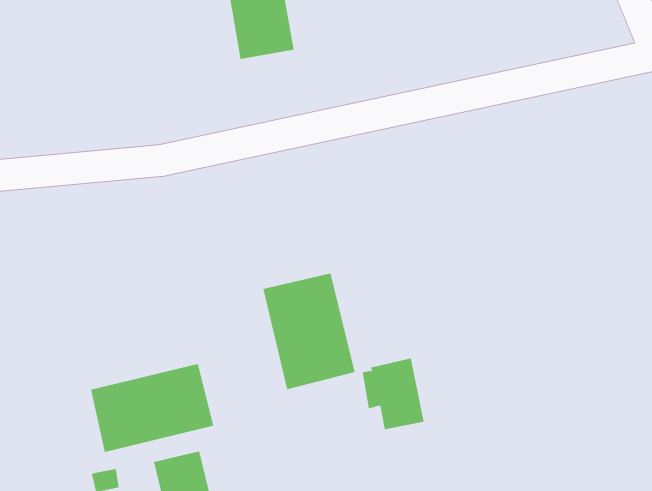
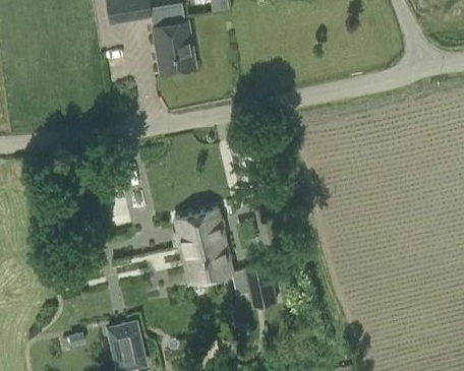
building: [90,363,214,453] -> none

